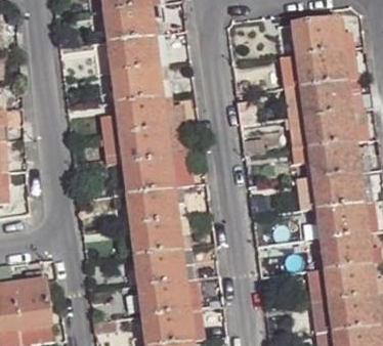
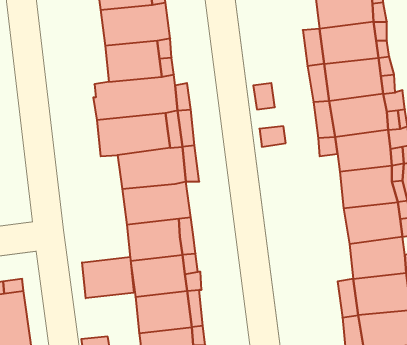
building: none -> [82,257,134,298]

